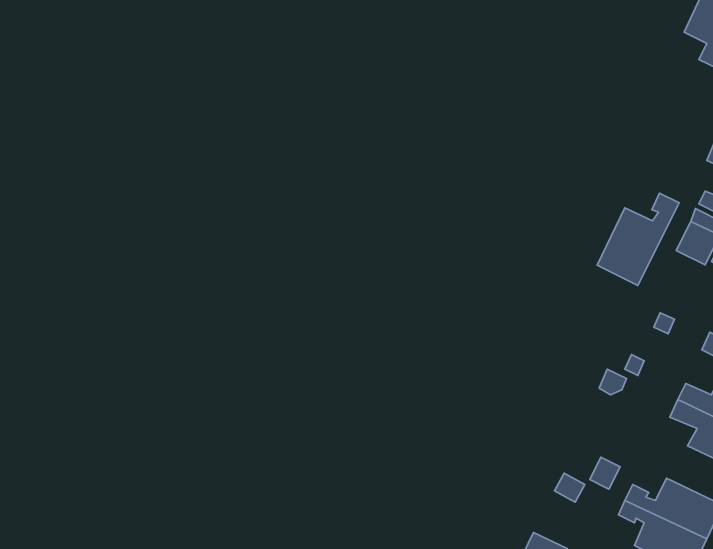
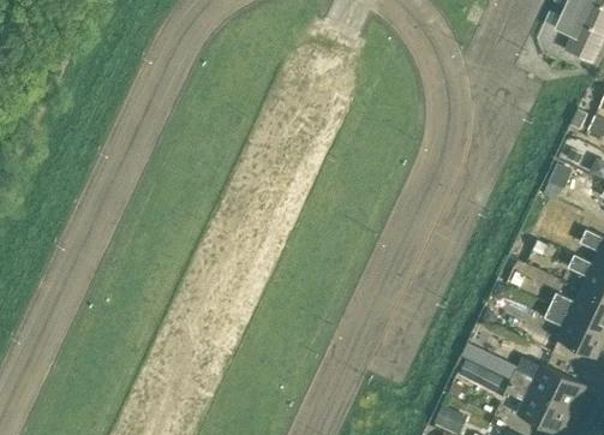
building: [597,193,679,286] -> none

